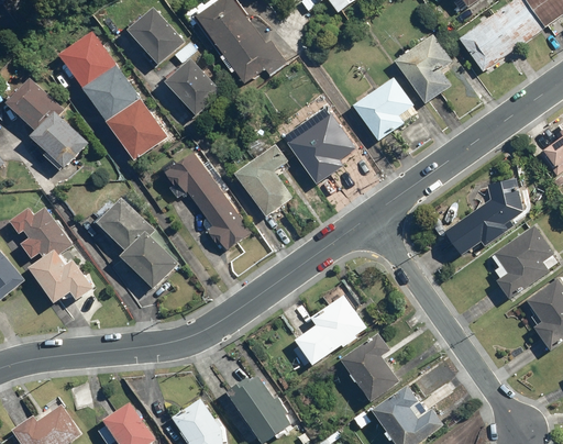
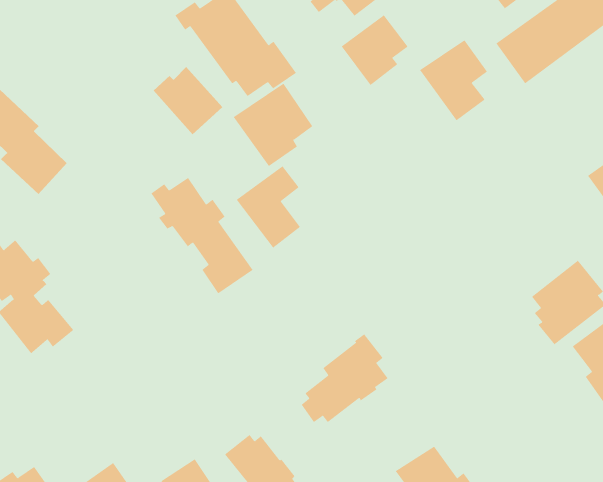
building: [131,12,194,67] -> none
building: [59,32,169,163] -> none
building: [352,79,410,141] -> [341,15,408,86]
building: [286,113,355,186] -> [233,83,313,167]
building: [444,179,528,255] -> none
building: [97,197,178,290] -> none
building: [336,333,400,404] -> none

